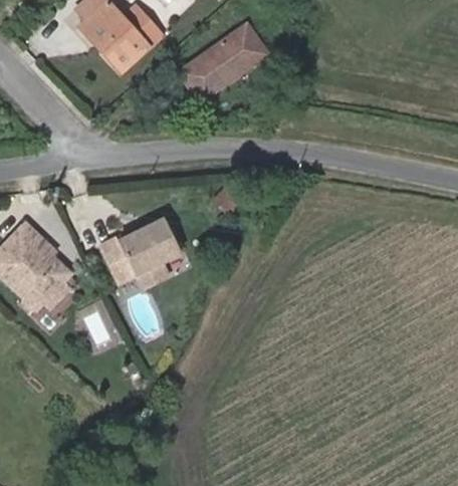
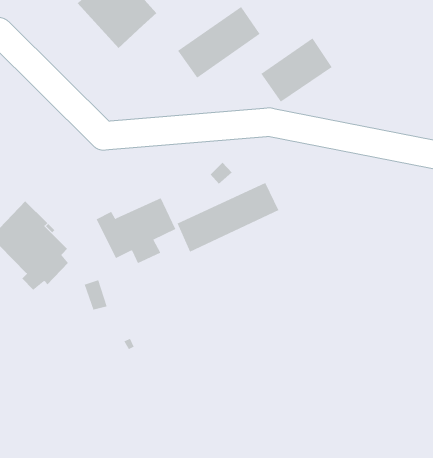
building: none -> [260,38,333,103]
building: none -> [177,182,279,252]

